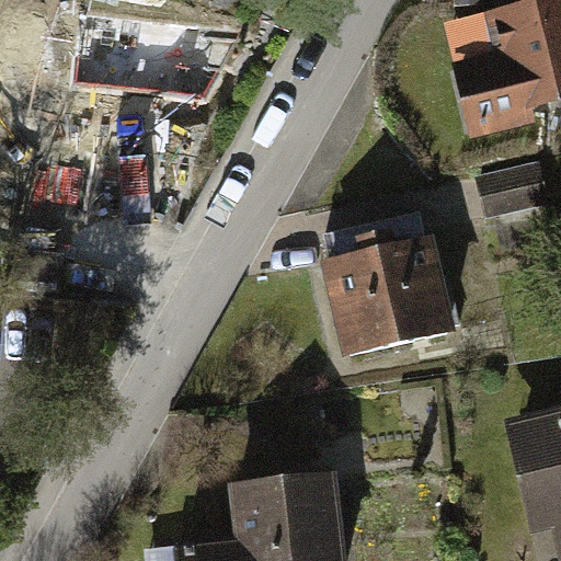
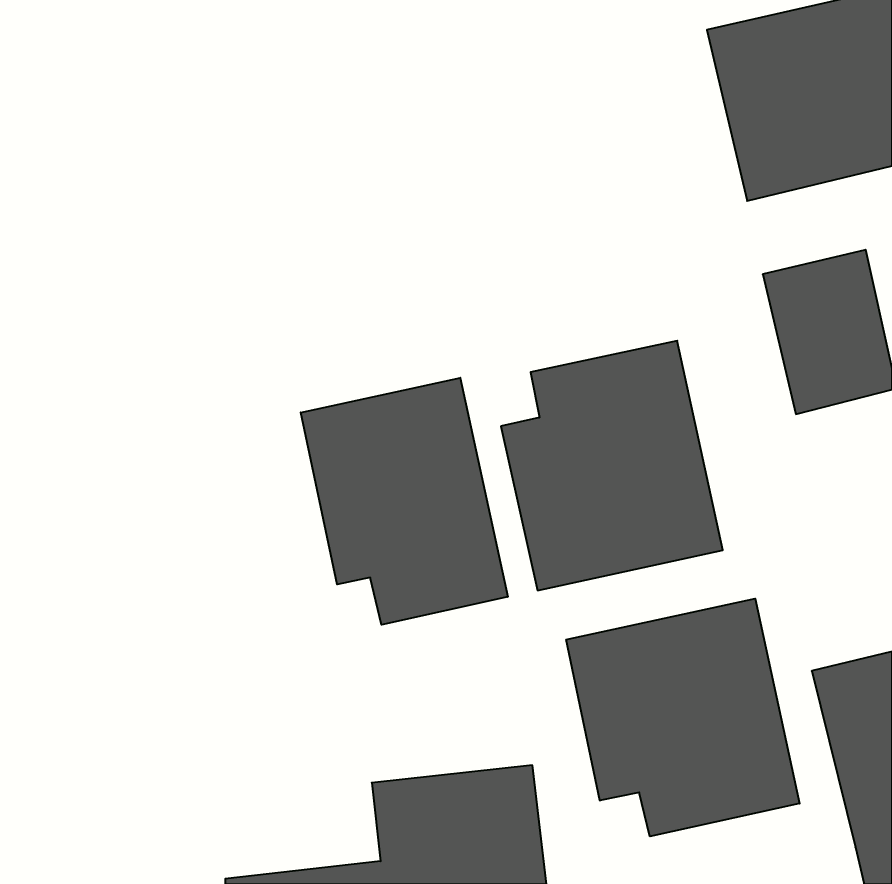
building: none -> [301,378,508,625]
building: none -> [566,599,800,836]

